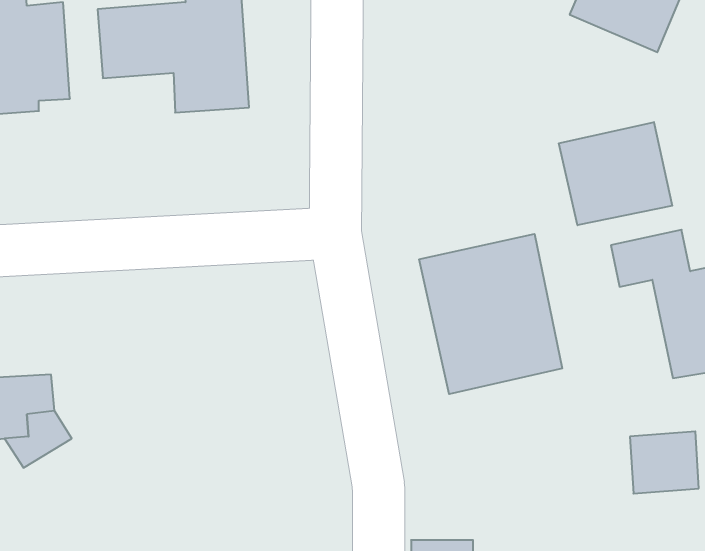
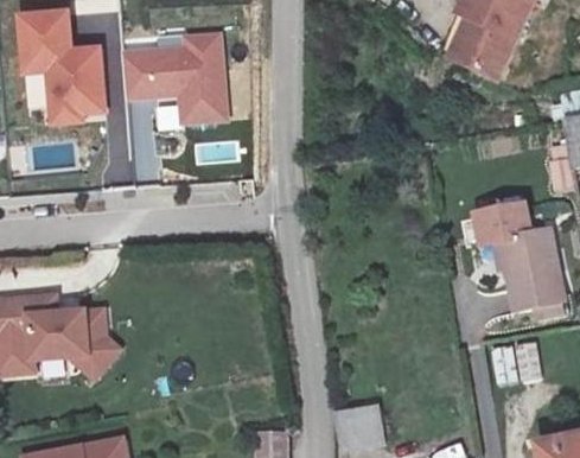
building: [559,122,672,225] -> none
building: [419,234,562,394] -> none

